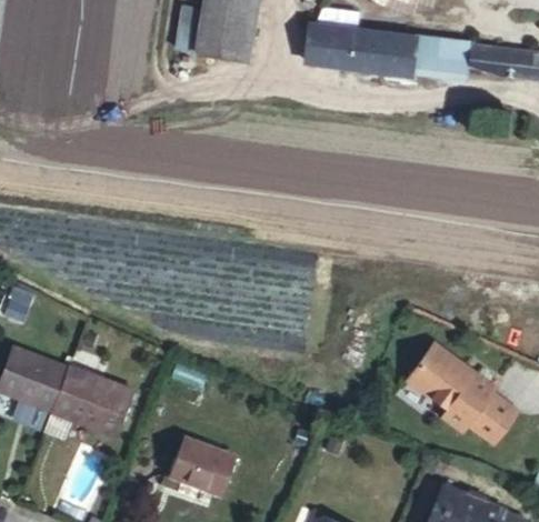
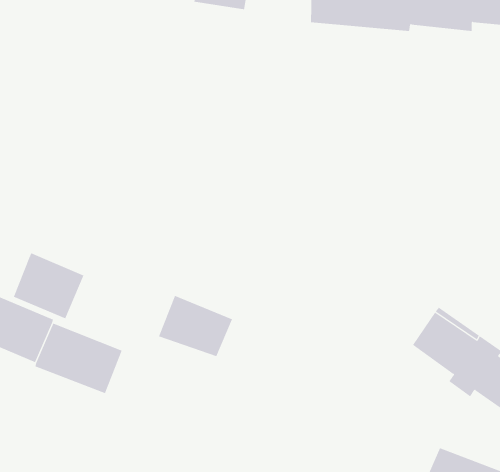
building: none -> [13,253,84,319]
building: [167,430,239,490] -> [158,295,233,357]

